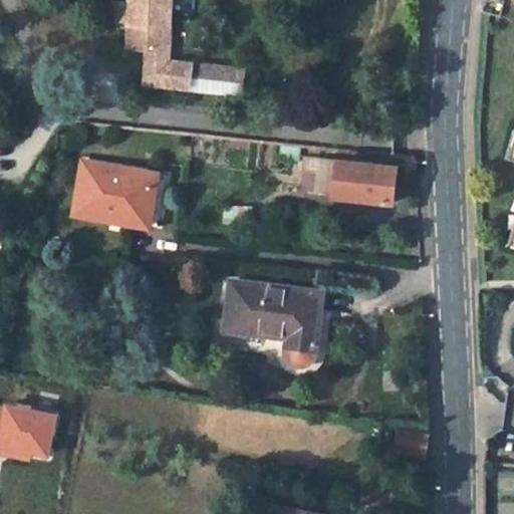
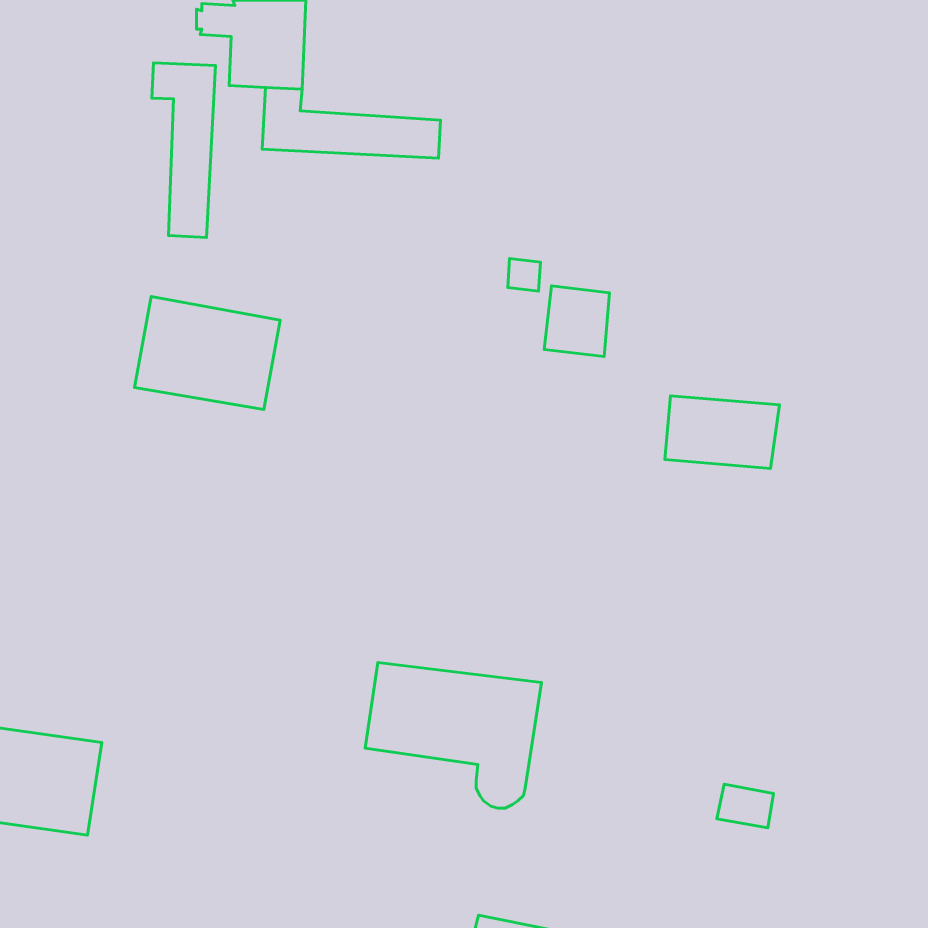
building: none -> [152,63,215,238]
building: [333,163,397,203] -> [665,396,780,469]
building: [224,283,321,363] -> [365,663,542,808]

